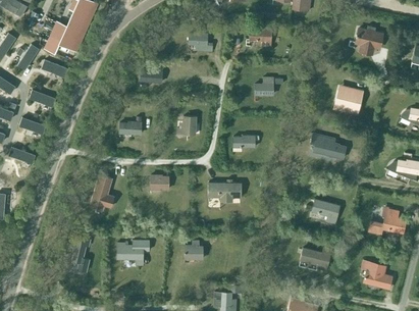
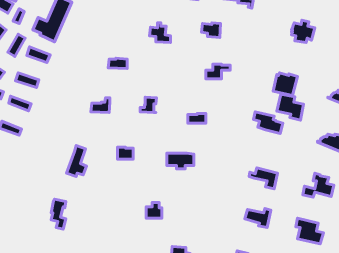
building: none -> [277,94,303,120]
building: [116,242,148,266] -> none

